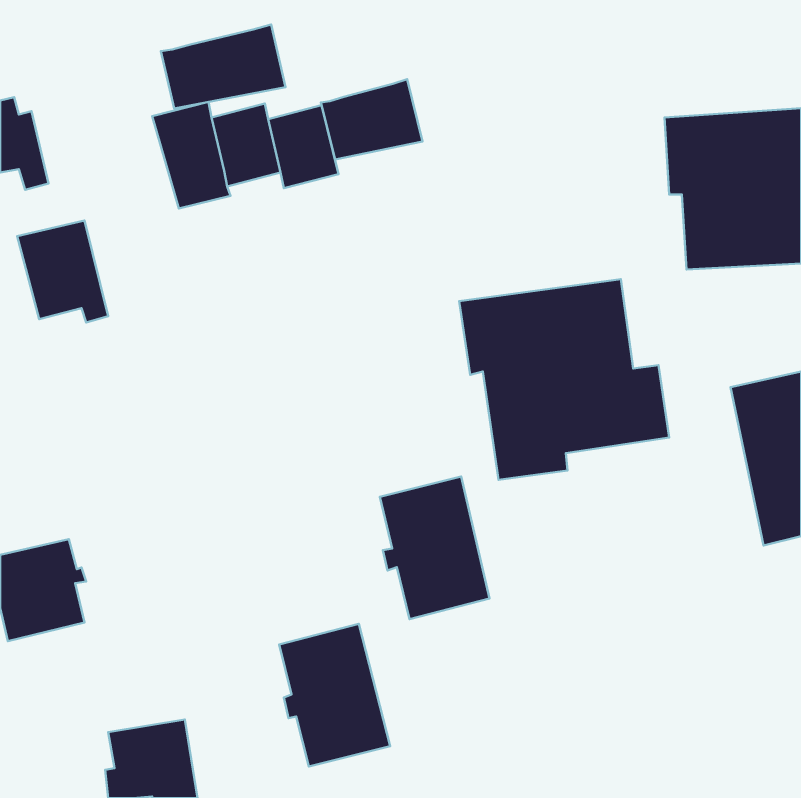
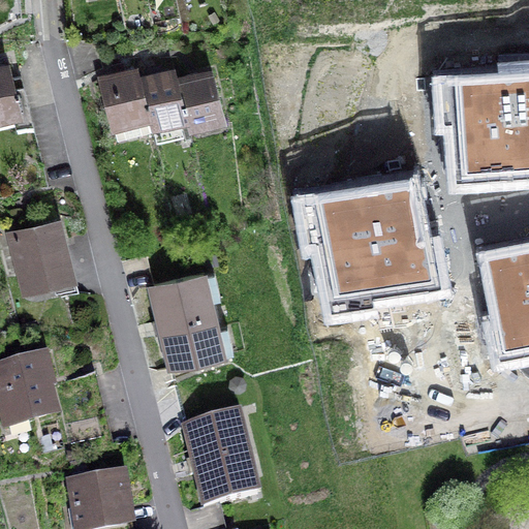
building: [161,24,285,108] -> none
building: [321,79,423,160] -> none
building: [17,221,108,322] -> [12,221,72,288]
building: [380,476,489,619] -> [150,271,222,365]

